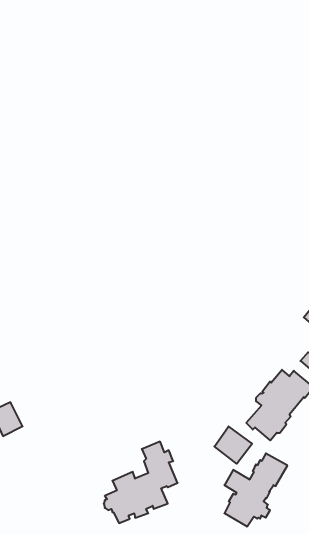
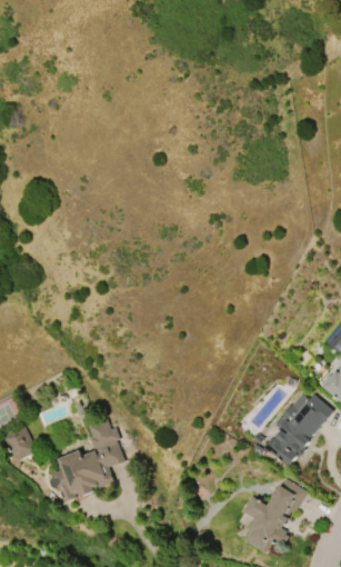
building: [214,426,252,464] -> none
building: [104,442,178,523] -> [49,418,124,501]

